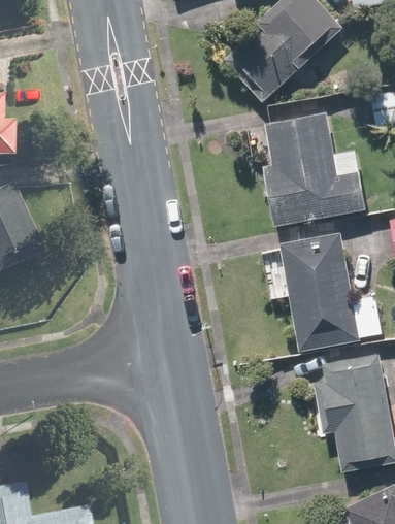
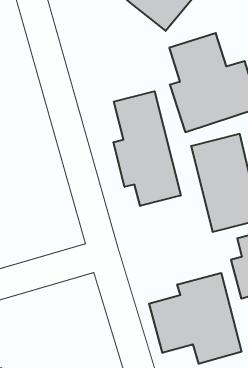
building: none -> [114,91,181,206]
building: none -> [149,273,241,364]

